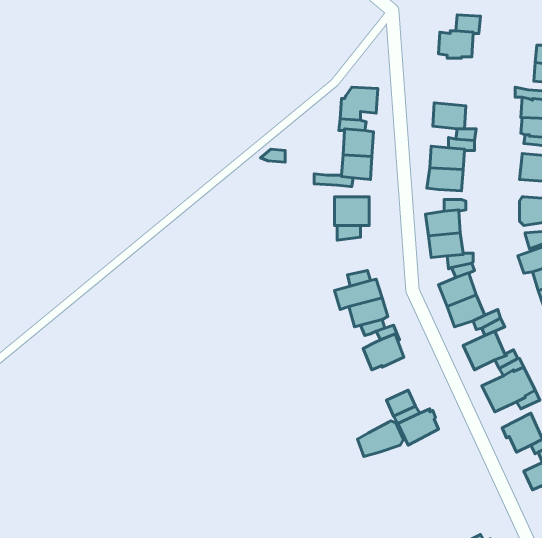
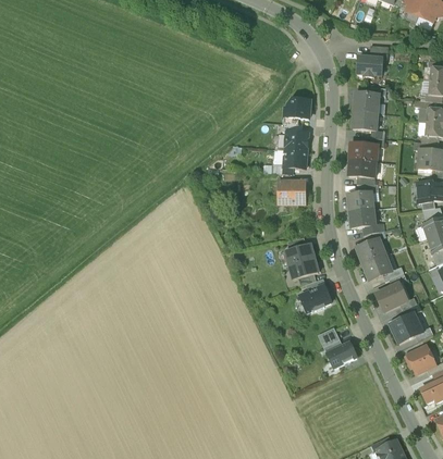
building: none -> [353,86,385,112]
building: [358,421,404,457] -> none

